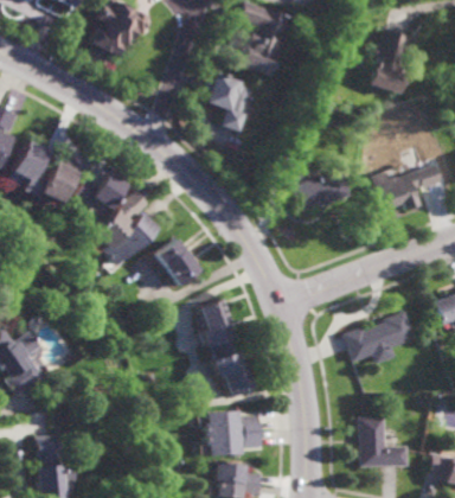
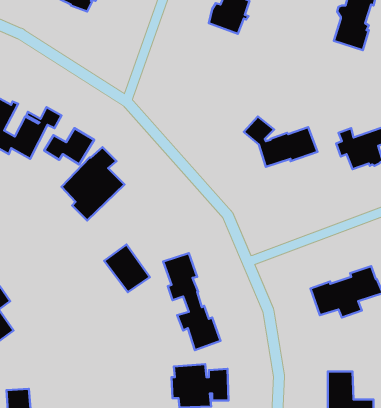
building: [207,70,255,129] -> none
building: [154,237,200,286] -> [104,244,150,292]

